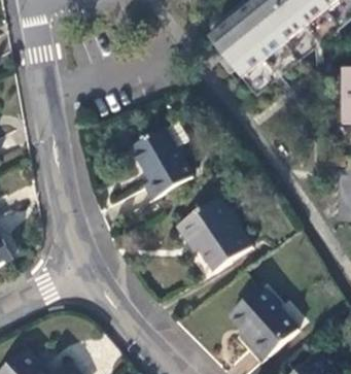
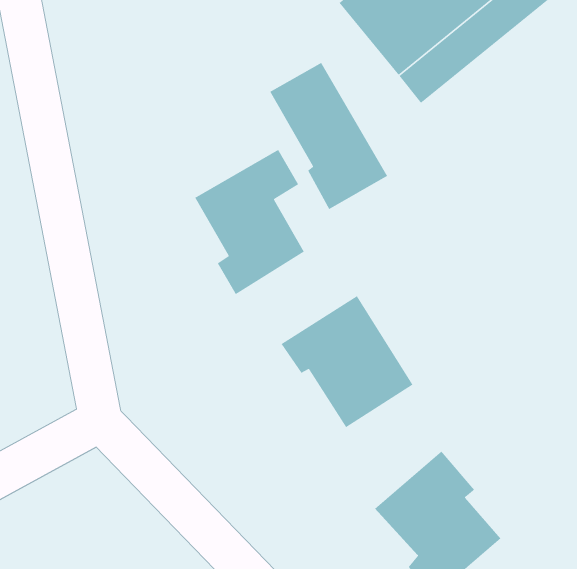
building: none -> [269,62,388,210]

